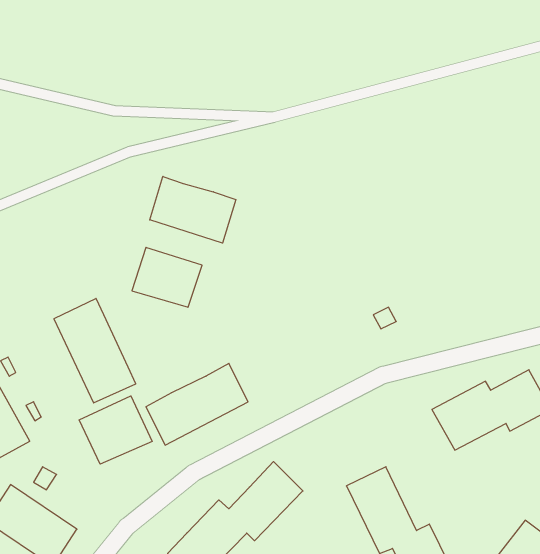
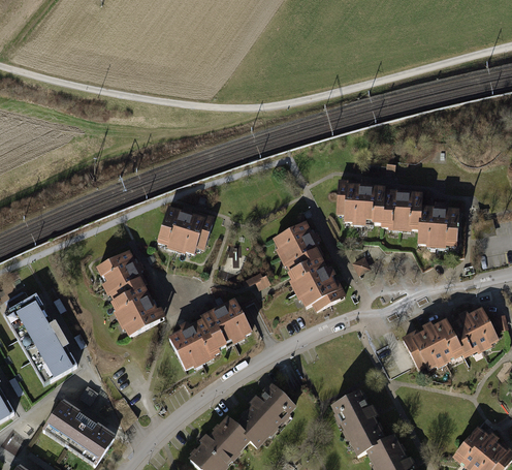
building: [150,176,236,243] -> none
building: none -> [334,184,460,251]
building: none -> [275,221,345,315]
building: [79,396,152,464] -> none

